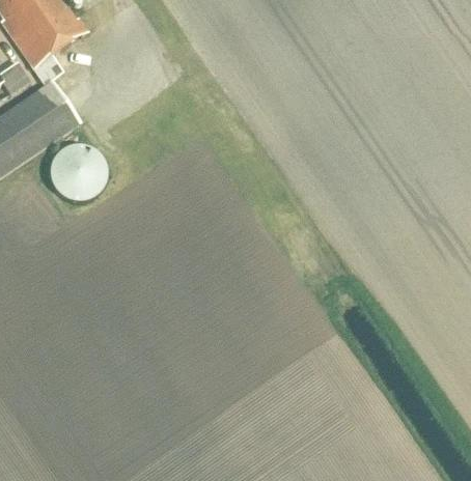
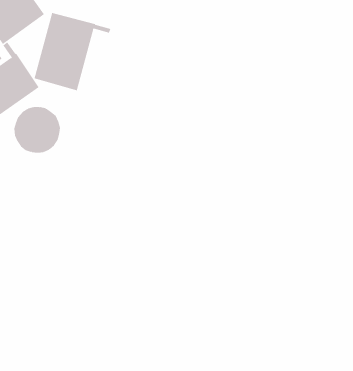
building: none -> [34,12,111,91]

